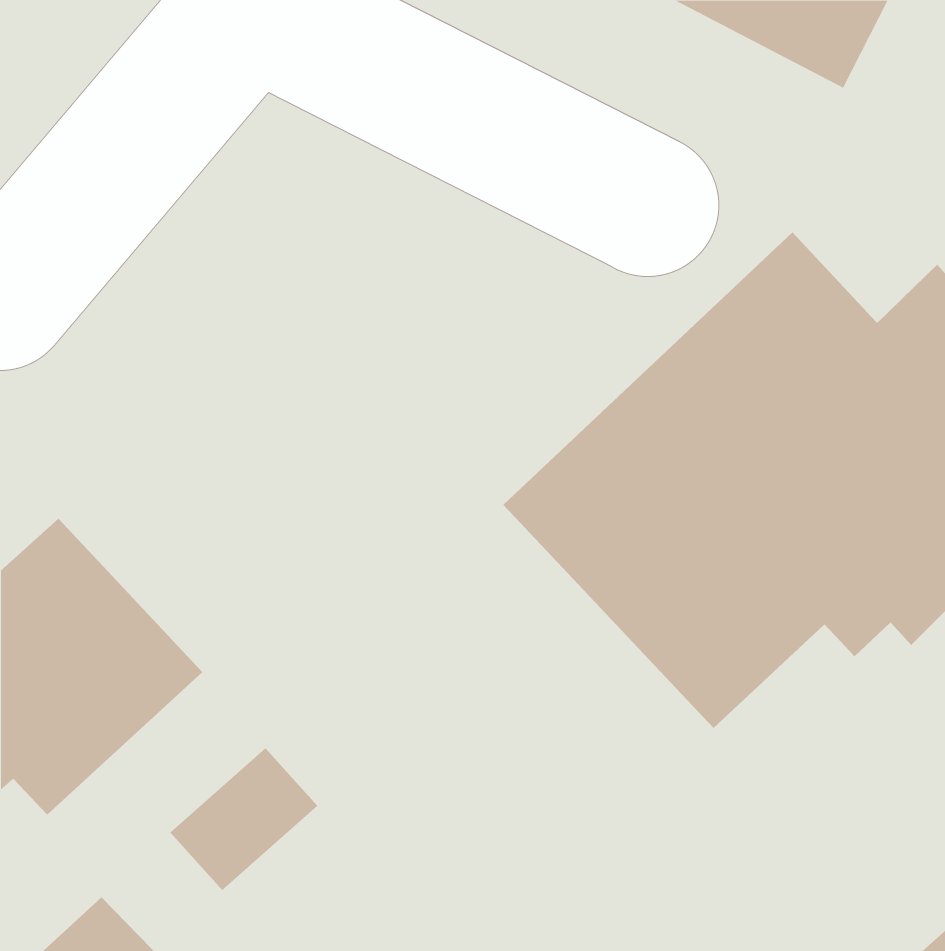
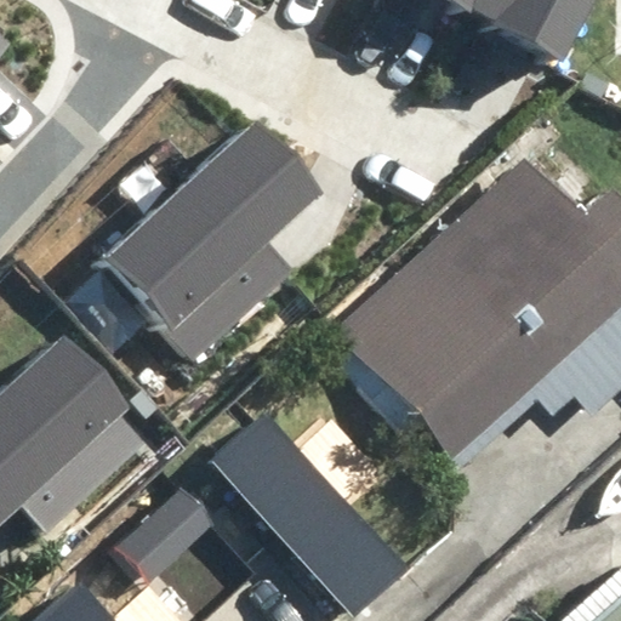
building: none -> [97,124,314,357]
building: none -> [215,414,408,611]

